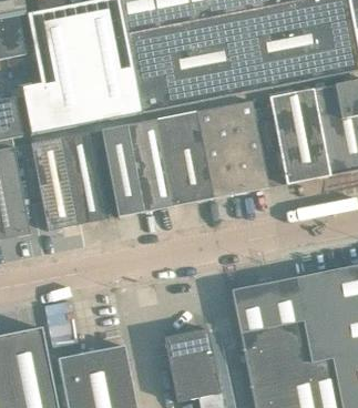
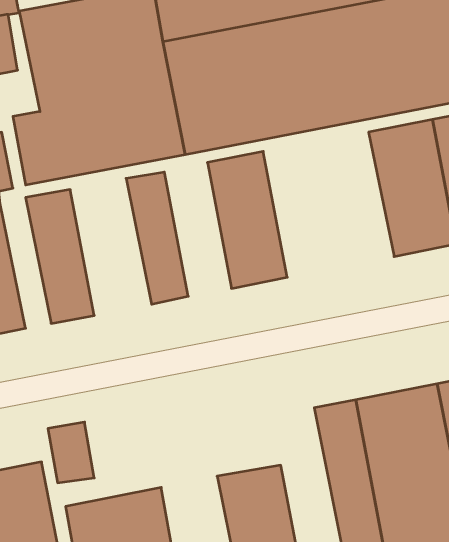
building: [195,101,268,198] -> none
building: [126,119,173,212] -> none
building: [61,132,109,225] -> none

